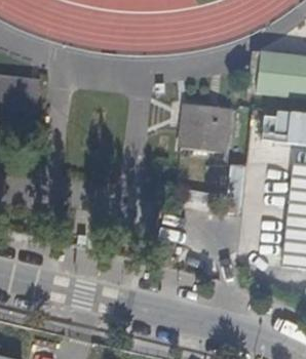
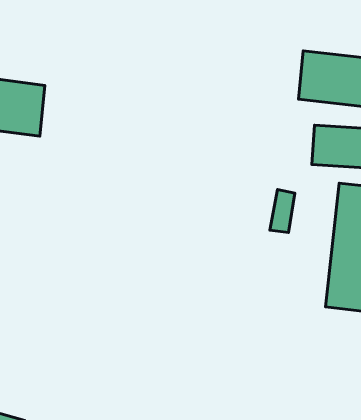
building: [178,106,231,153] -> none

